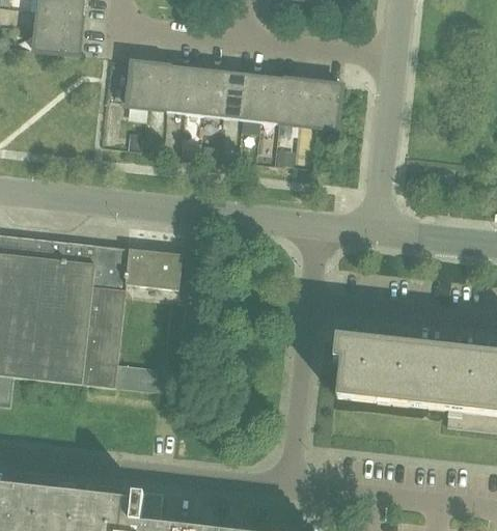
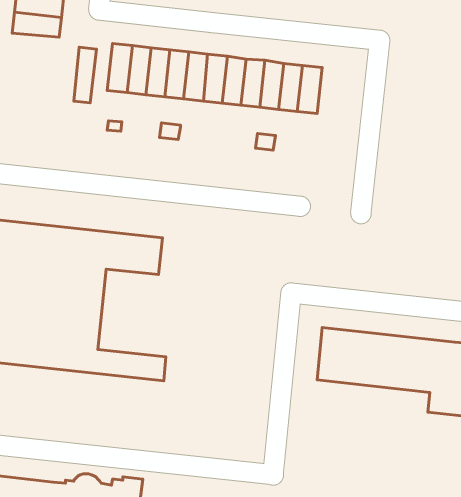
building: none -> [74,47,97,103]

